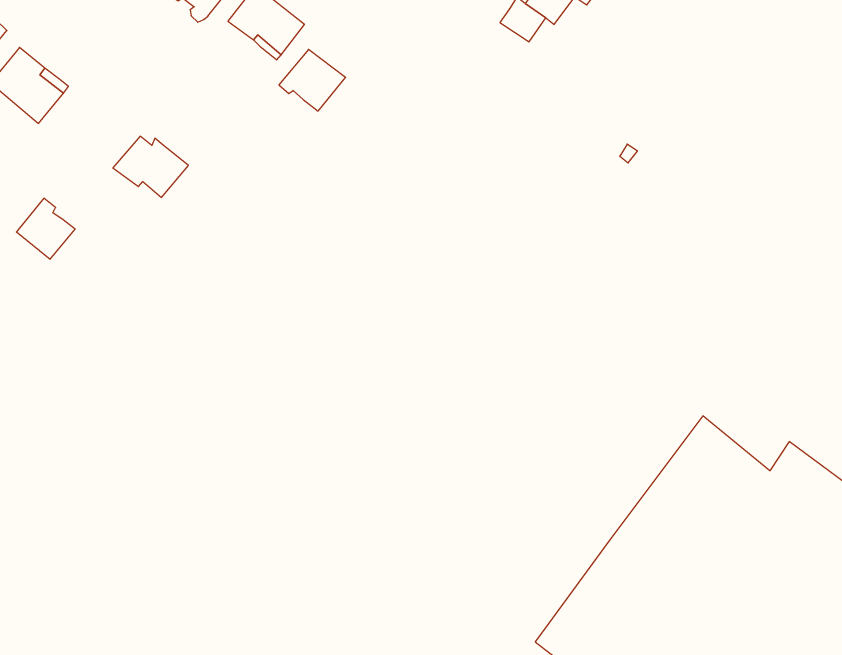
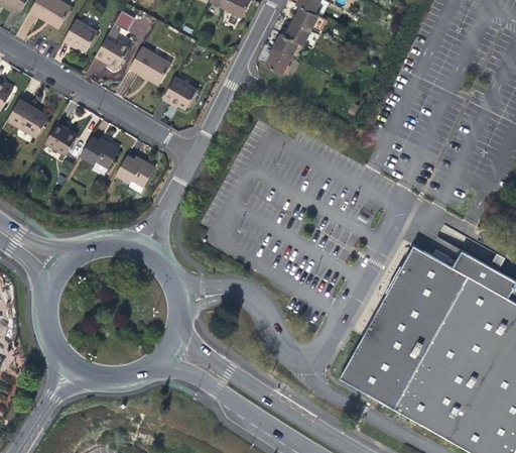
building: none -> [266,48,292,74]
building: none -> [114,155,153,192]
building: [16,198,75,259] -> [44,123,76,155]

